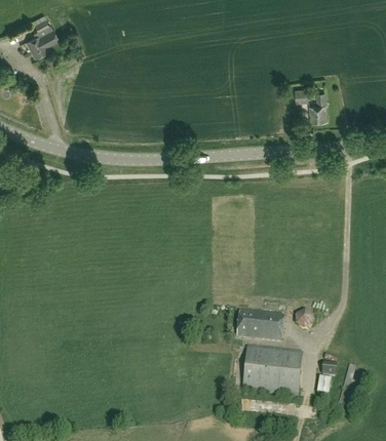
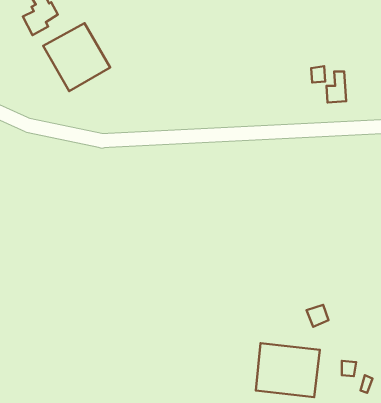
building: none -> [43,23,110,91]
building: [237,311,284,342] -> none

